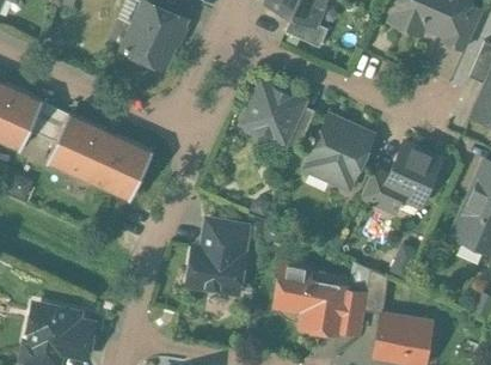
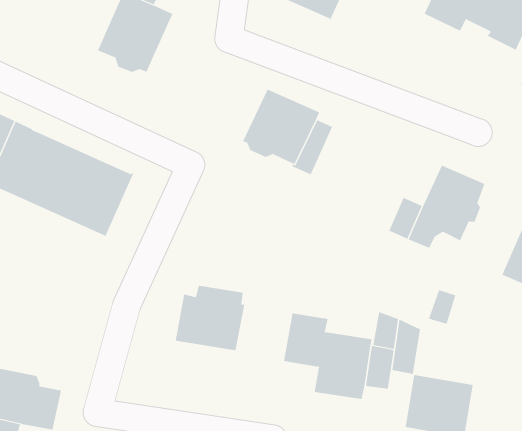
building: [284,16,327,49] -> none
building: [305,117,372,189] -> none
building: [204,223,246,248] -> none

